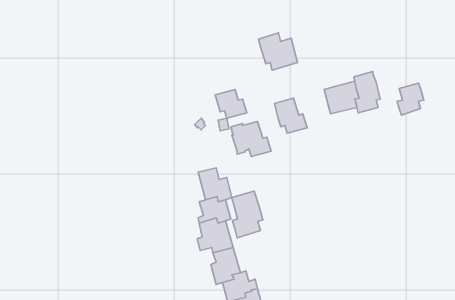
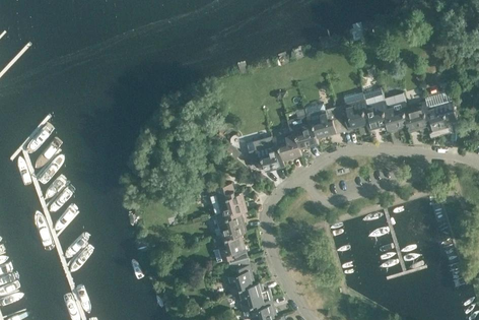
building: [258,33,298,70] -> [304,103,342,138]
building: none -> [386,100,411,131]
building: none -> [426,102,452,132]
building: [215,90,247,118] -> [272,133,302,161]
building: [232,191,263,238] -> none

